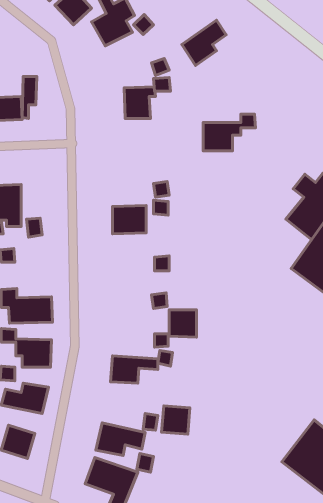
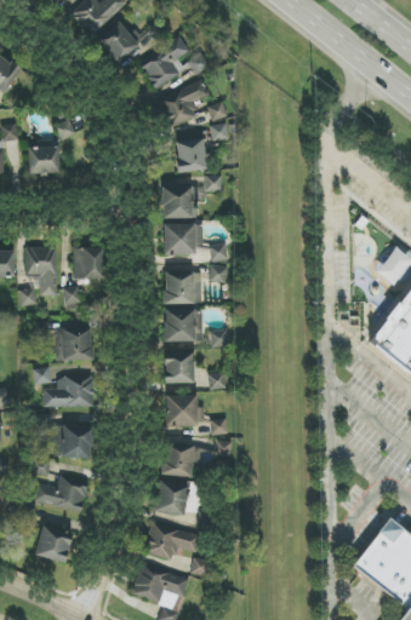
building: [182,20,226,65] -> [158,76,209,128]
building: [203,114,256,151] -> [161,176,222,218]
building: none -> [164,223,202,256]
building: none -> [74,247,104,279]
building: none -> [165,309,202,341]
building: none -> [56,323,91,361]
building: none -> [164,350,194,383]
building: [169,310,196,337] -> [166,395,198,426]
building: [162,406,190,434] -> [155,482,188,515]

